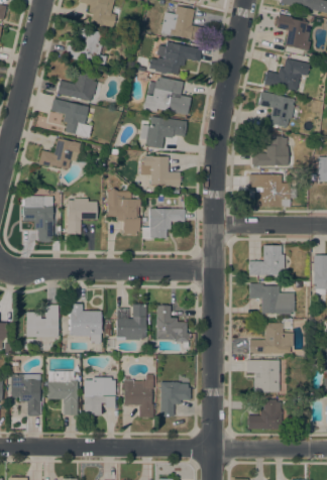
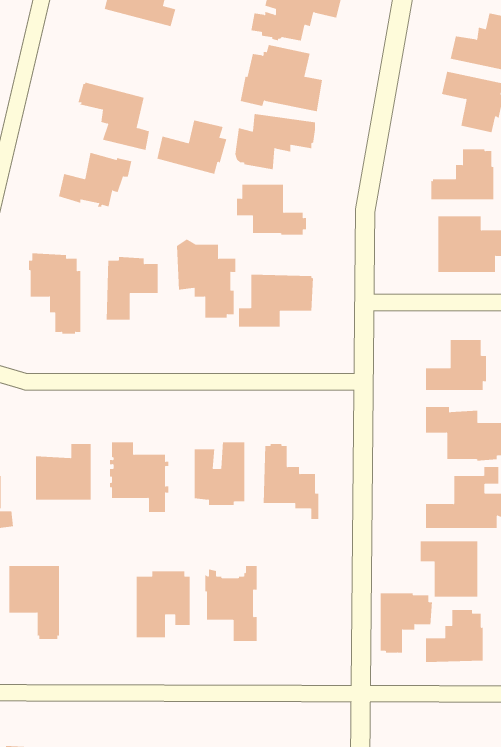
building: [58,71,98,102] -> [157,120,227,175]
building: [48,371,78,415] -> none
building: [160,382,191,416] -> [380,593,433,653]

